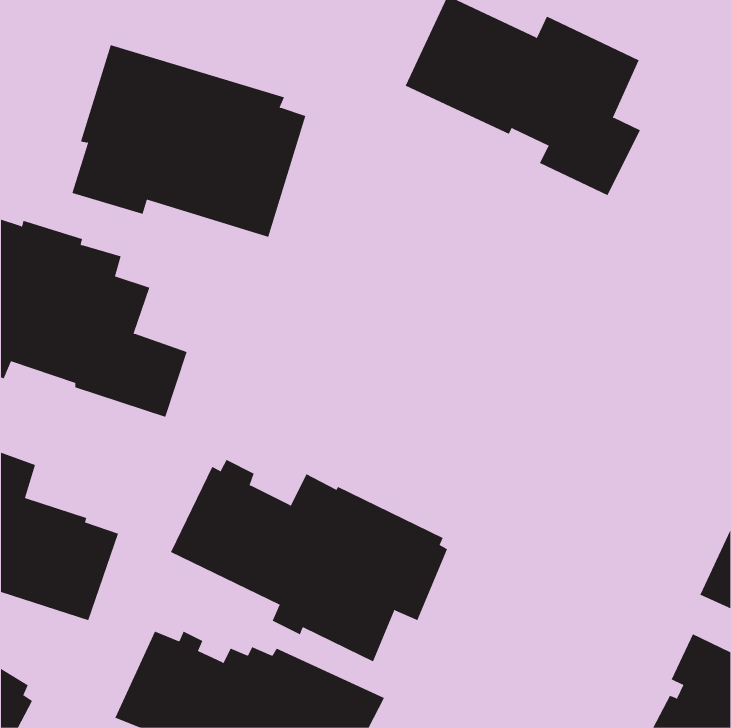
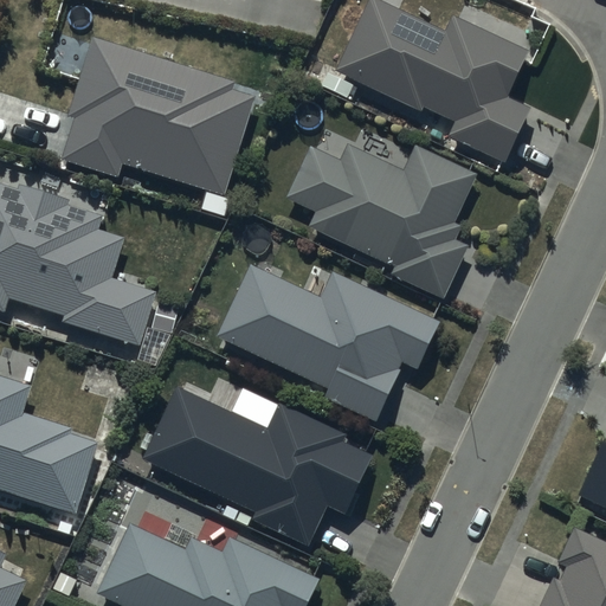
building: none -> [285,141,477,299]
building: none -> [214,257,440,423]

